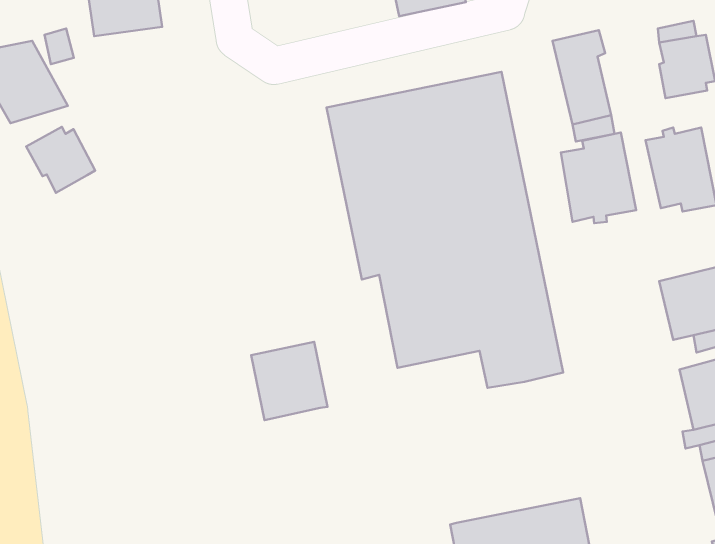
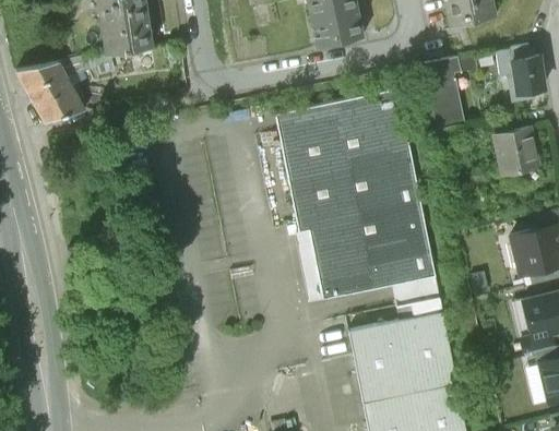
building: [26,127,95,193] -> none
building: [561,132,636,223] -> none
building: [251,342,327,420] -> none
building: none -> [347,298,455,404]

